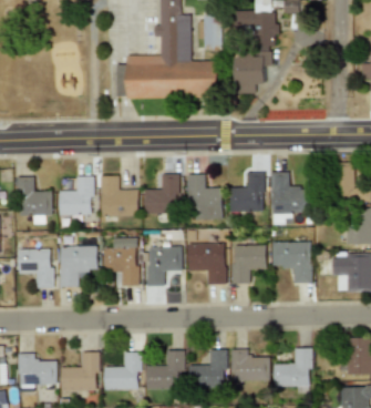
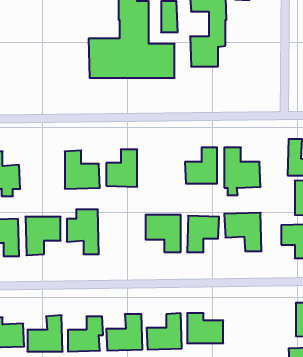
building: [187,174,223,220] -> none
building: [59,176,93,215] -> none
building: [146,246,182,286] -> none
building: [274,348,311,387] -> none

